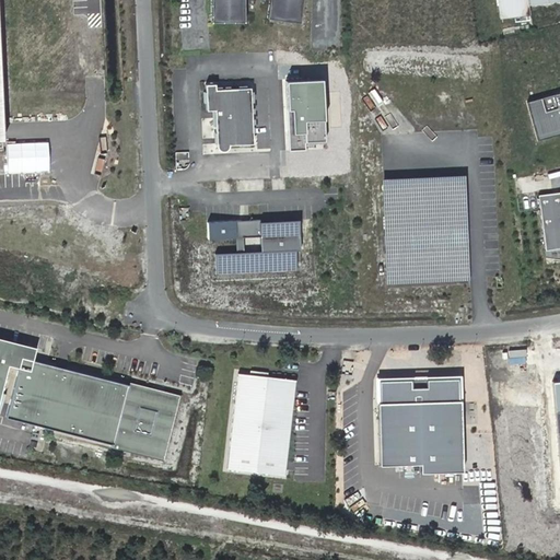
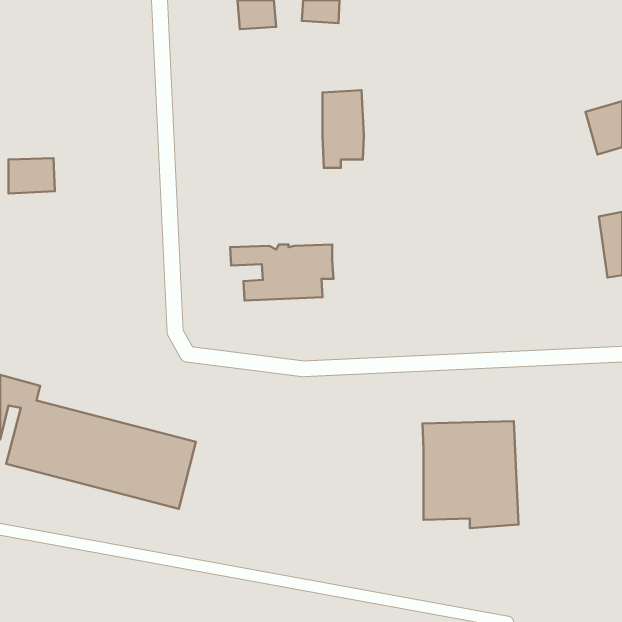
building: [206,84,253,151] -> none
building: [384,177,467,282] -> none
building: [214,250,296,273] -> none
building: [226,373,294,475] -> none

